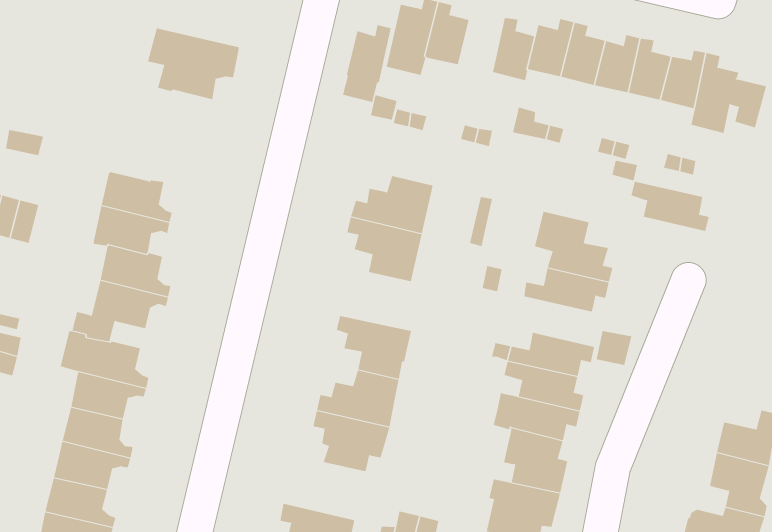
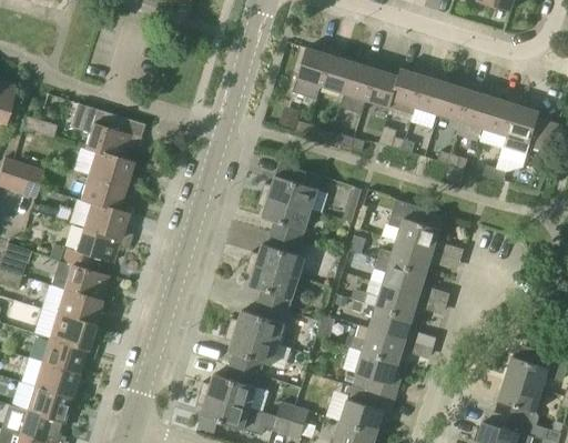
building: [342,24,392,102] -> [341,59,378,113]
building: [147,28,240,100] -> [78,107,143,160]
building: [630,181,709,231] -> [375,259,429,298]
building: none -> [248,234,305,278]
building: none -> [200,365,260,407]

